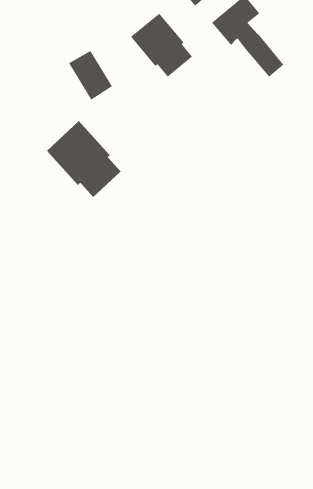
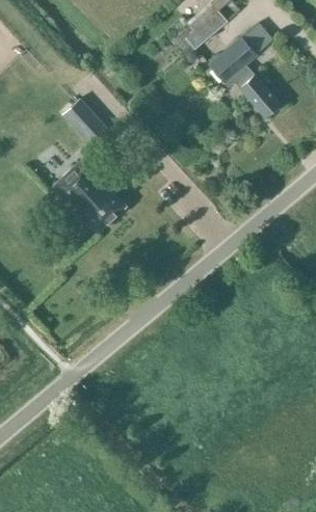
building: [130,13,193,78] -> none

